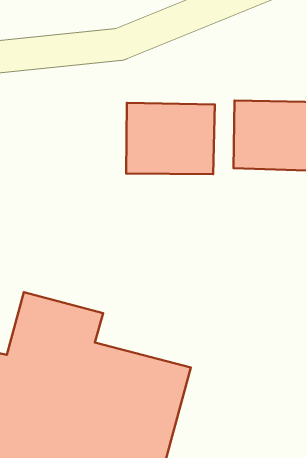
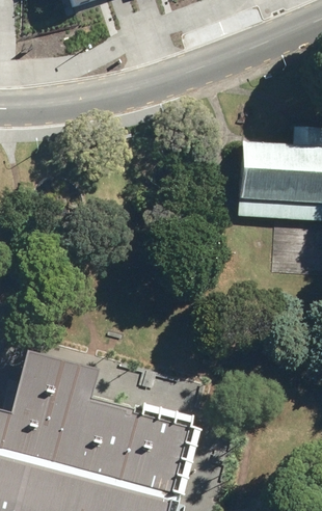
building: [126,103,215,174] -> none

